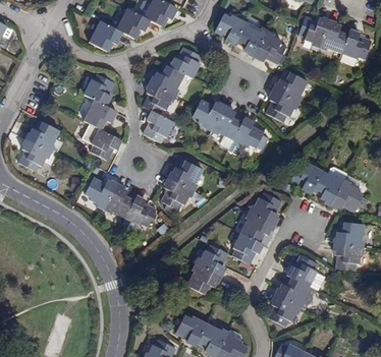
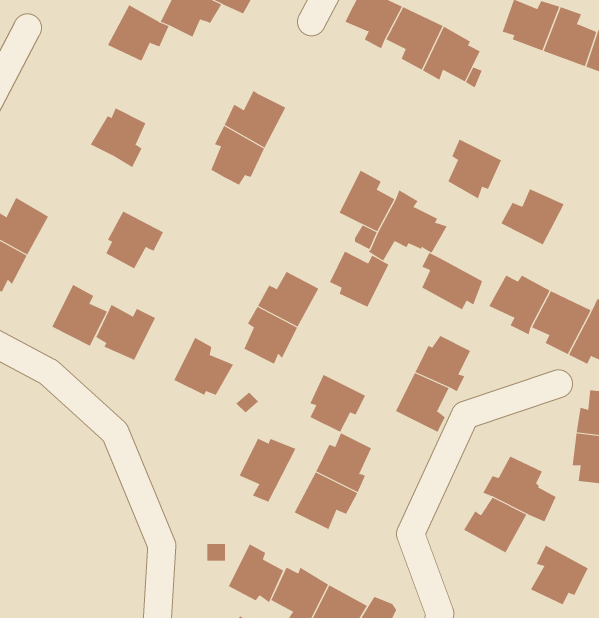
building: [170,47,201,78] -> none
building: [275,72,309,102] -> [500,189,565,245]
building: [84,100,116,129] -> none
building: [192,100,223,129] -> [329,251,389,307]
building: [145,111,174,141] -> none
building: none -> [421,252,483,310]
building: [105,184,134,217] -> [51,284,108,346]
building: [234,233,264,263] -> [310,374,366,433]
building: none -> [239,438,296,503]
building: [269,295,300,326] -> [530,545,588,605]
building: none -> [228,543,284,603]

